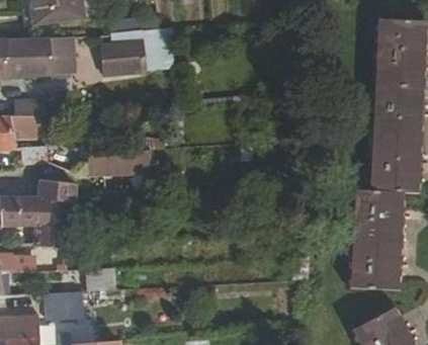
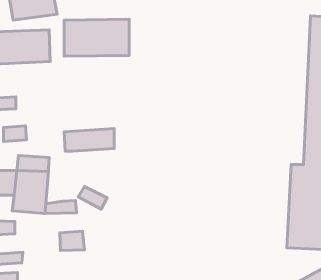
building: [49,291,79,319] -> none

